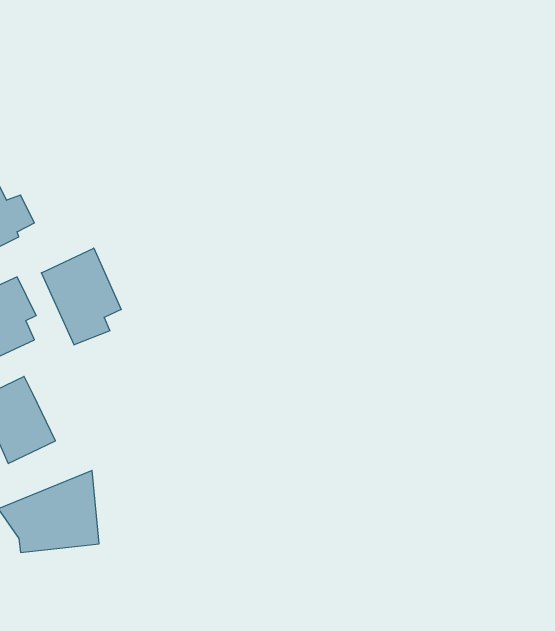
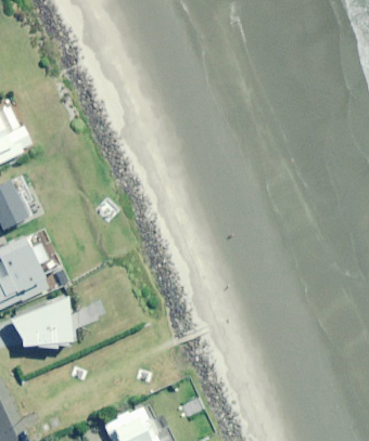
building: [41,248,121,345] -> none

